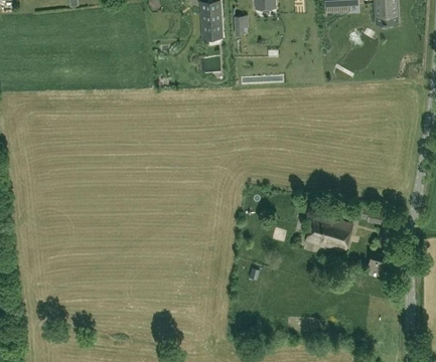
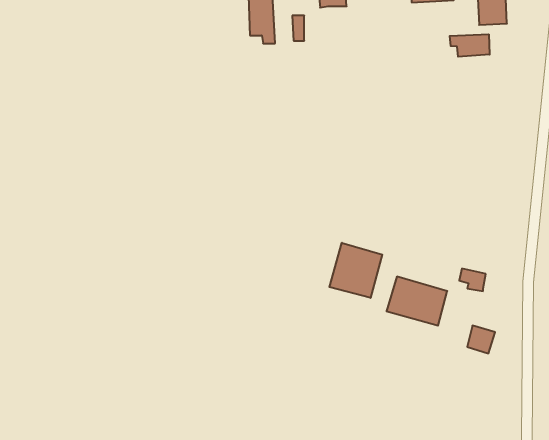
building: none -> [450,34,490,57]
building: none -> [329,243,382,298]

